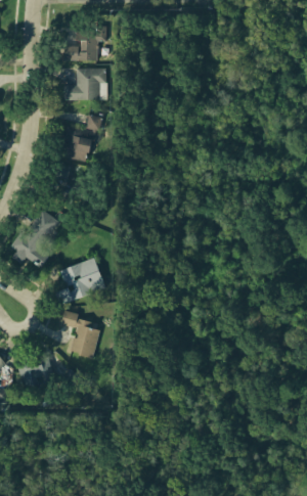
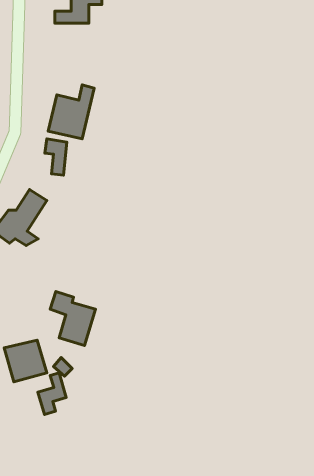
building: [63,69,108,100] -> none
building: [53,256,107,307] -> none
building: none -> [38,373,66,414]

